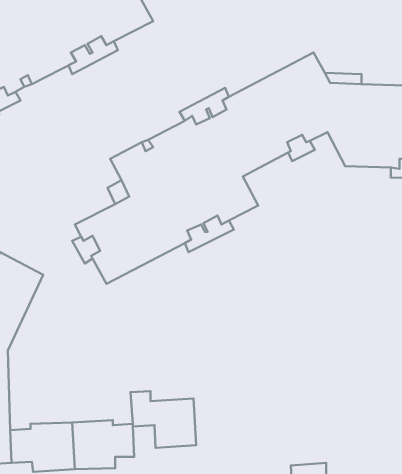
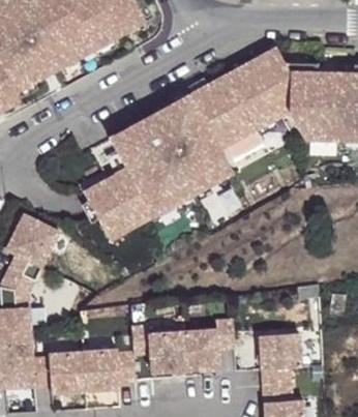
building: none -> [182,319,234,369]
building: none -> [260,333,301,386]

